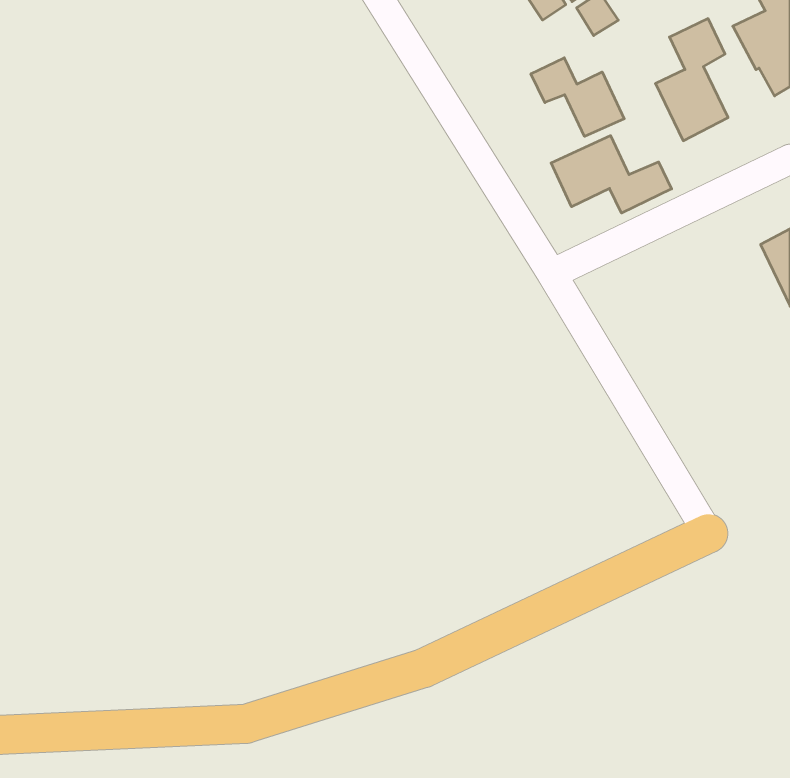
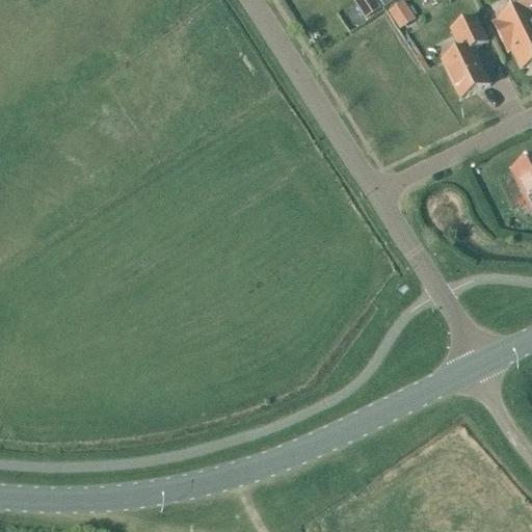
building: [531,58,624,136] -> none
building: [551,136,672,213] -> none

